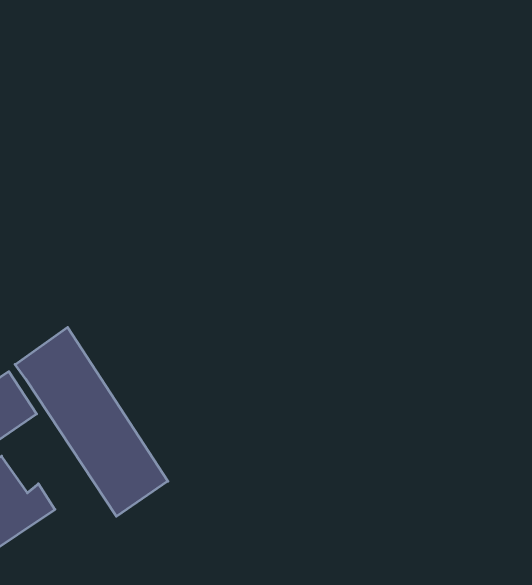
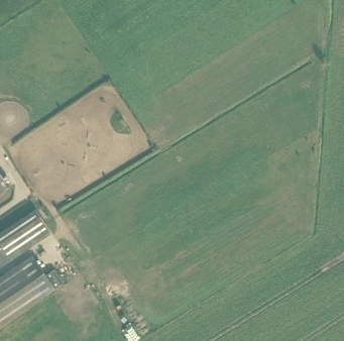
building: [15,327,168,516] -> none

